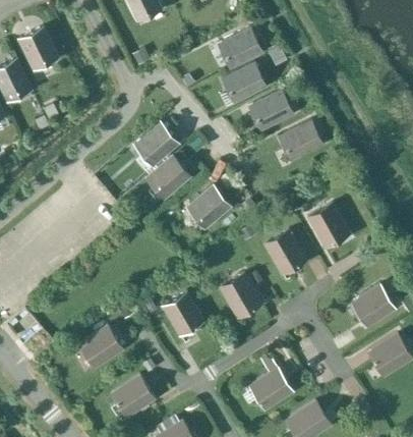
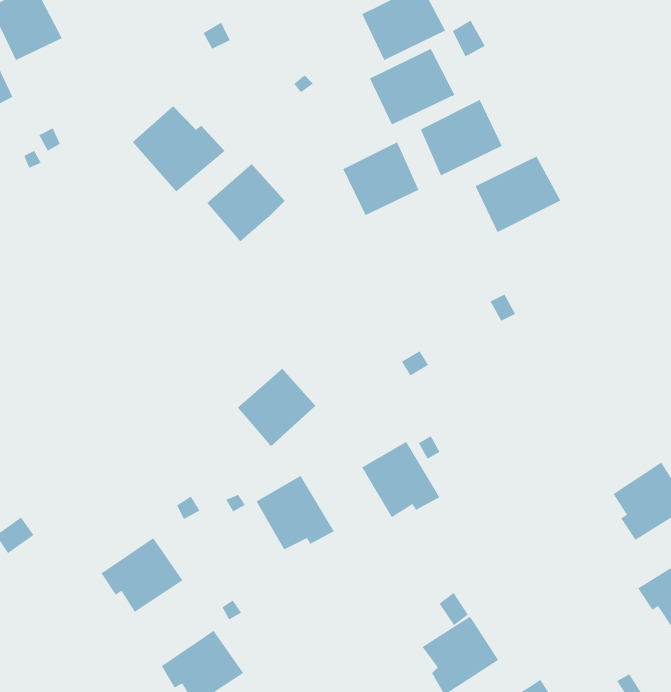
building: none -> [132,105,225,193]
building: none -> [342,141,420,216]
building: [148,158,190,200] -> none
building: [188,186,231,229] -> [237,368,316,447]
building: [307,205,347,249] -> none
building: [263,230,306,272] -> none

